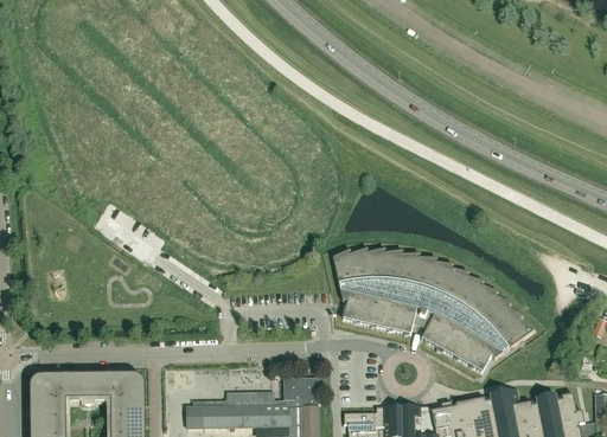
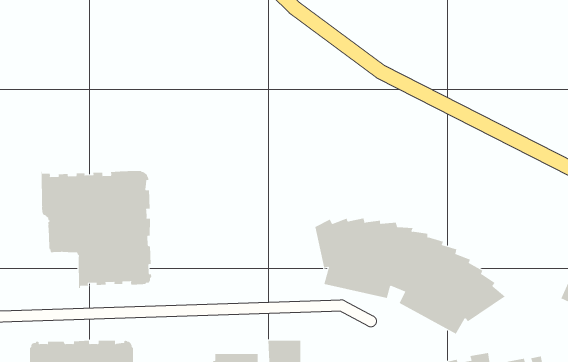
building: none -> [41,170,152,289]

